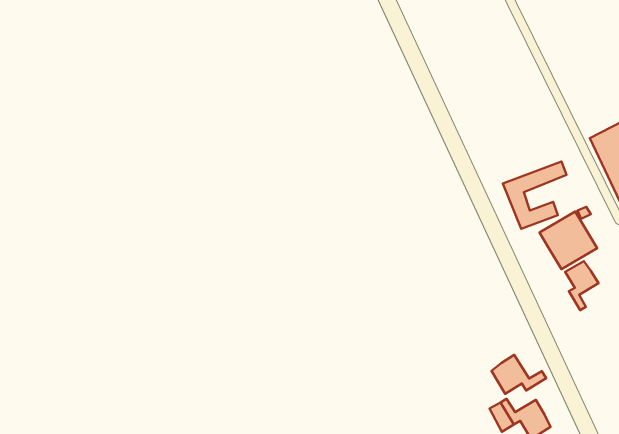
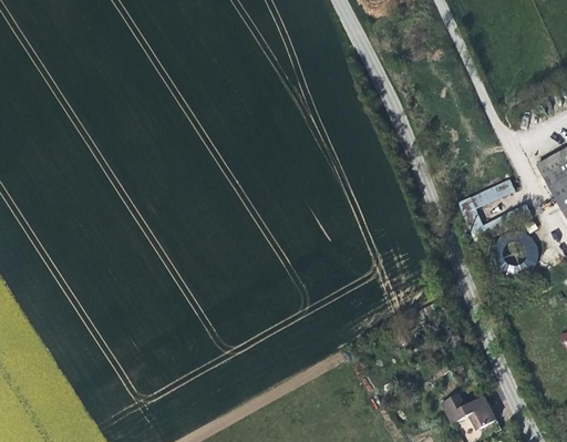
building: [565,261,598,310] -> none
building: [491,355,546,394] -> none

